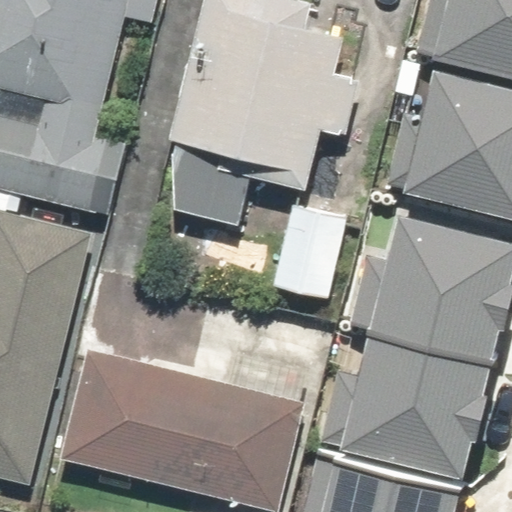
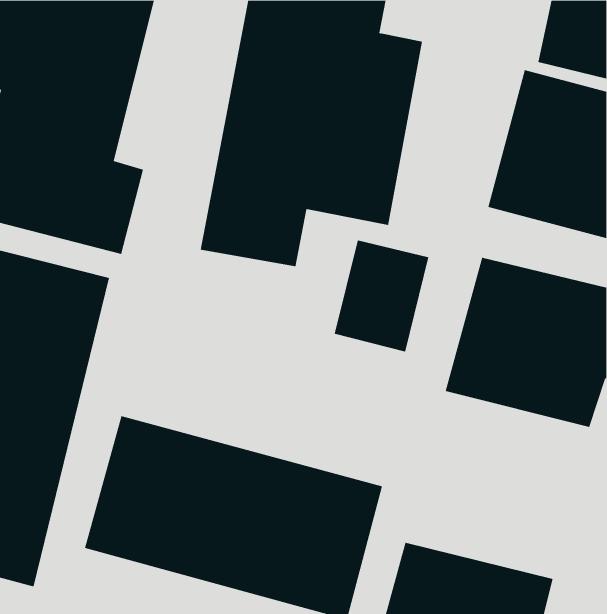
building: [338,328,484,467] -> none

